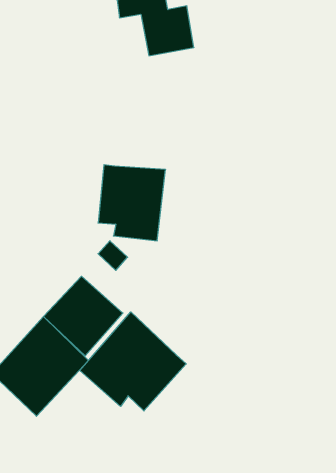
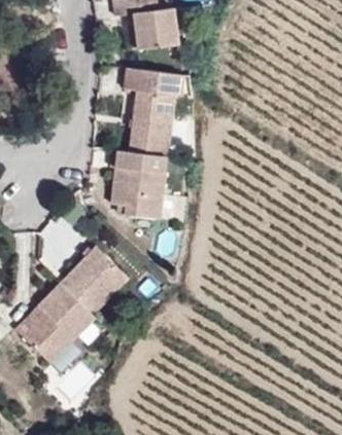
building: none -> [122,64,189,152]
building: [80,312,186,411] -> none

